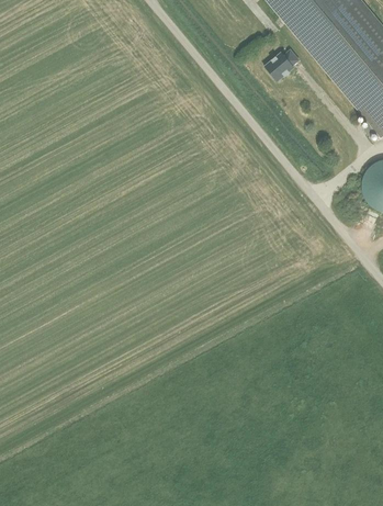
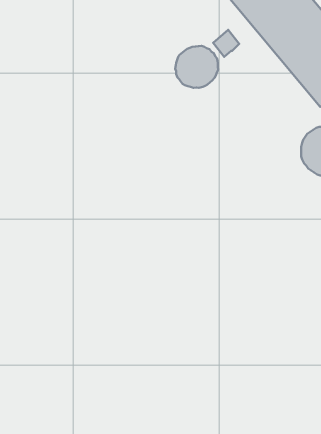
building: none -> [175,46,218,88]

